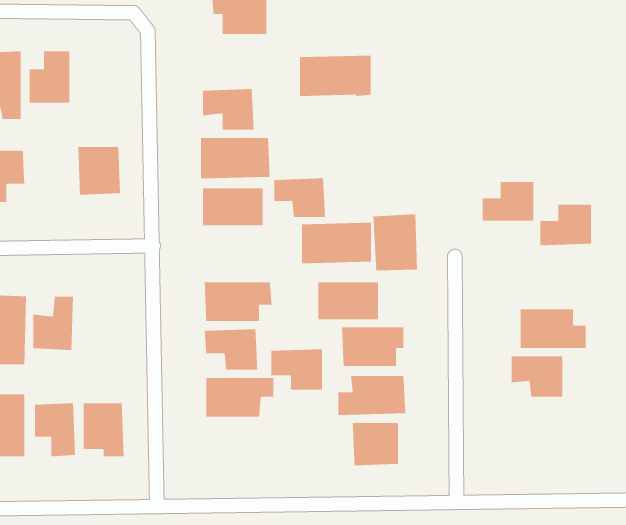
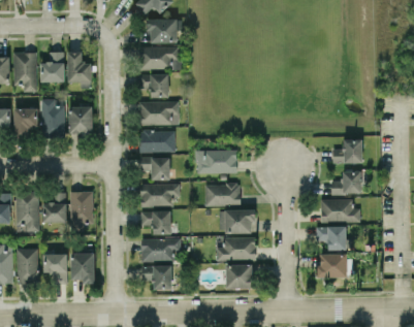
building: none -> [67,52,91,81]
building: [299,55,371,97] -> [138,46,180,70]
building: none -> [41,99,65,136]
building: [273,178,326,218] -> [140,157,170,179]
building: [482,182,534,221] -> [331,171,361,194]
building: [373,213,417,271] -> none
building: none -> [70,191,93,224]
building: [270,349,323,390] -> [141,265,171,289]
building: none -> [318,253,347,277]

